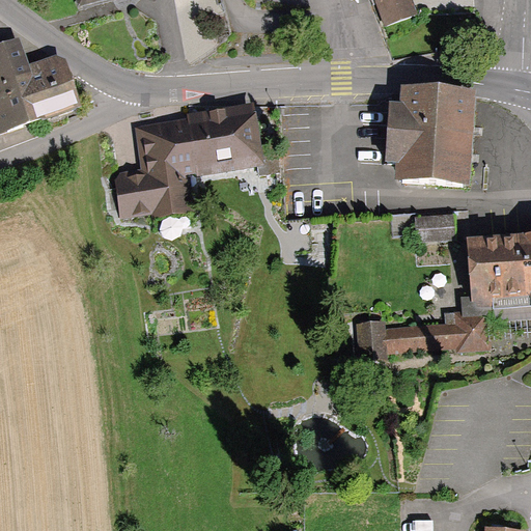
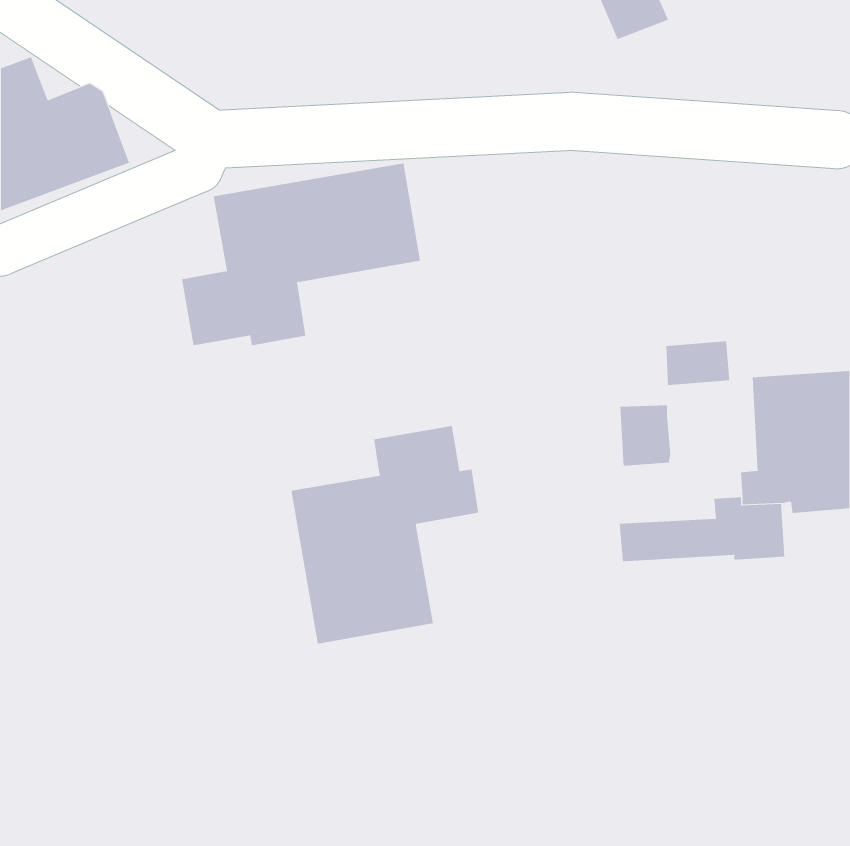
building: [387,88,474,184] -> none
building: none -> [291,425,479,644]
building: [356,319,388,358] -> [620,405,671,466]

